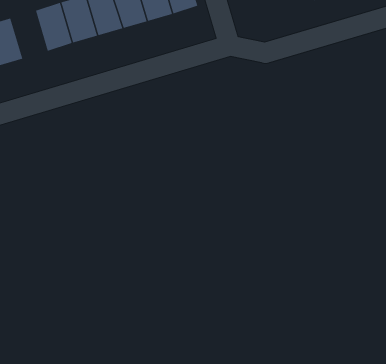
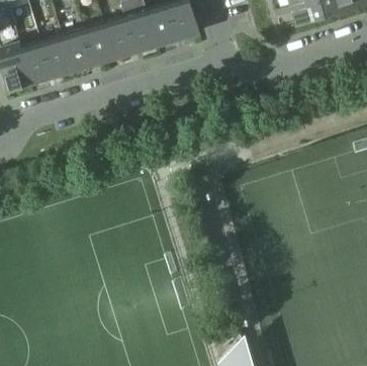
building: none -> [42,34,73,75]

